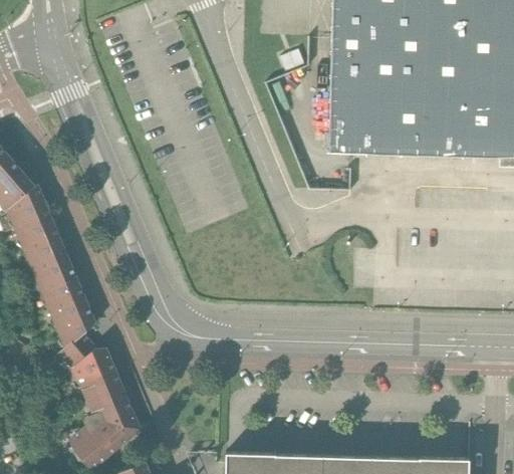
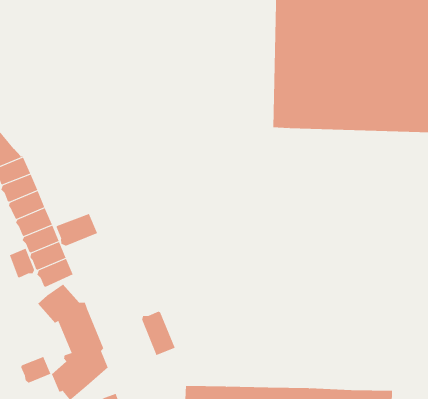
building: none -> [56,213,98,247]
building: none -> [9,248,35,278]
building: none -> [141,311,175,356]
building: none -> [21,356,51,383]

